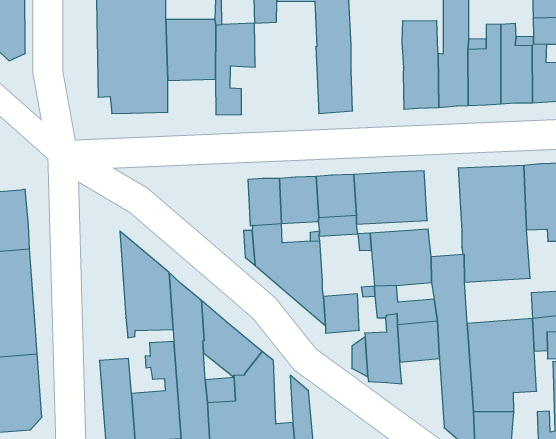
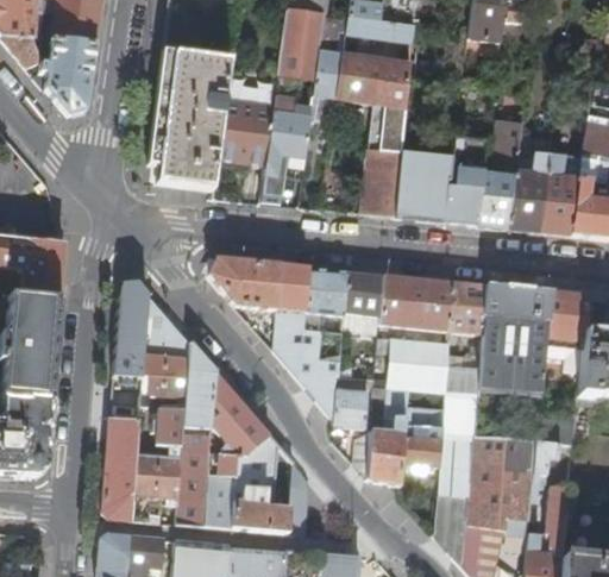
building: none -> [394,150,452,220]
building: none -> [450,283,488,335]
building: none -> [212,259,282,311]
building: none -> [114,283,150,381]

